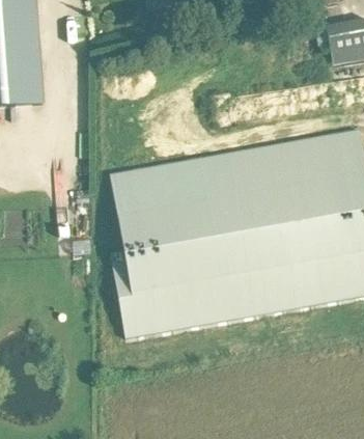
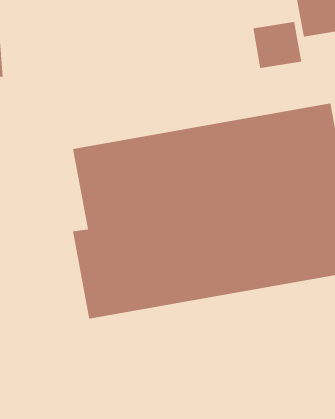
building: none -> [253,21,302,69]

